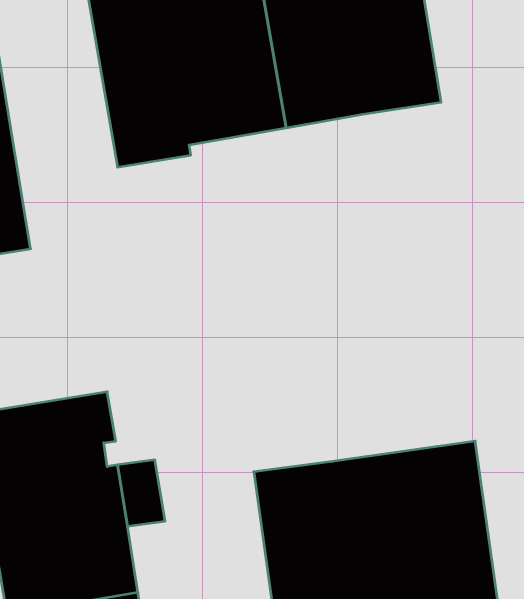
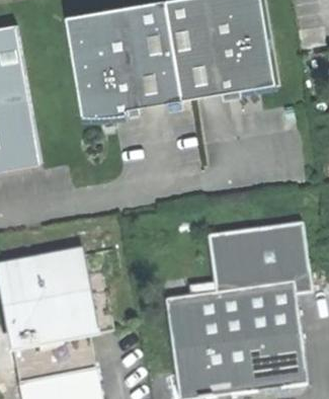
building: none -> [211,222,316,295]

